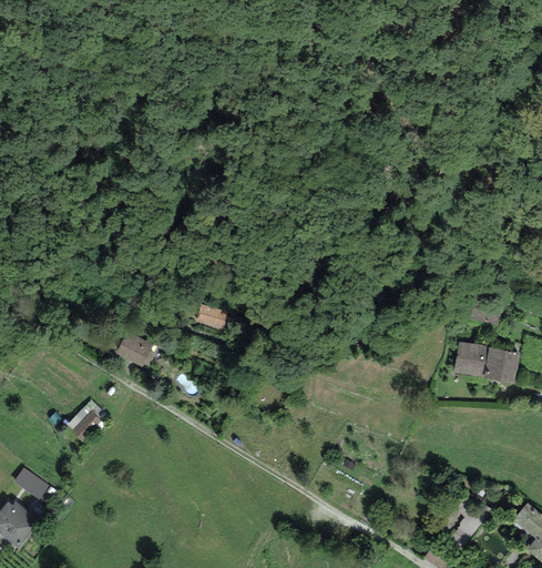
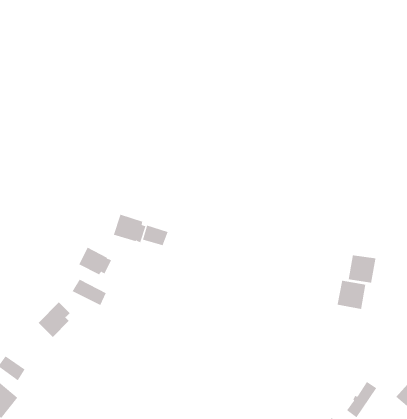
building: none -> [113,214,146,243]
building: [482,346,519,383] -> [337,280,366,309]
building: none -> [72,279,107,306]

